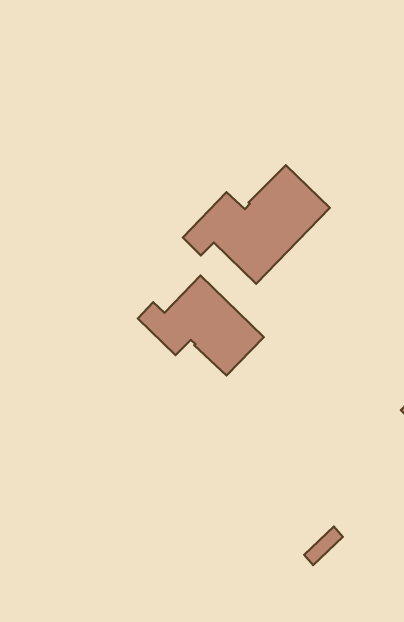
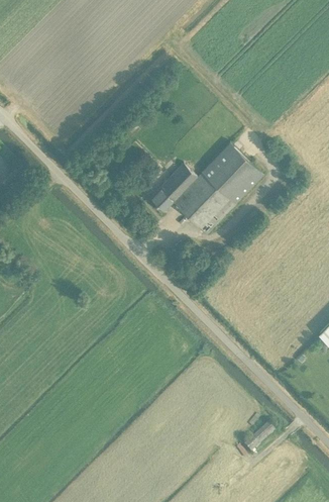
building: [138,275,264,375] -> none

